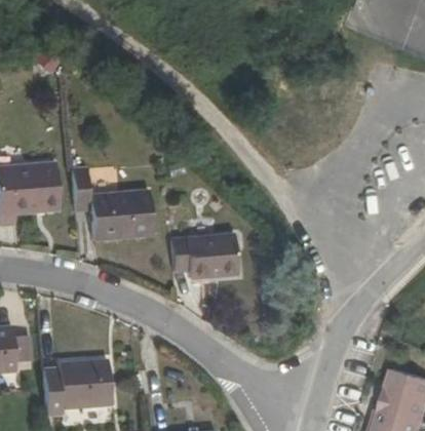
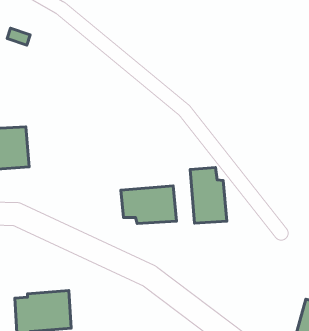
building: [71,168,153,239] -> none
building: none -> [190,168,227,223]

